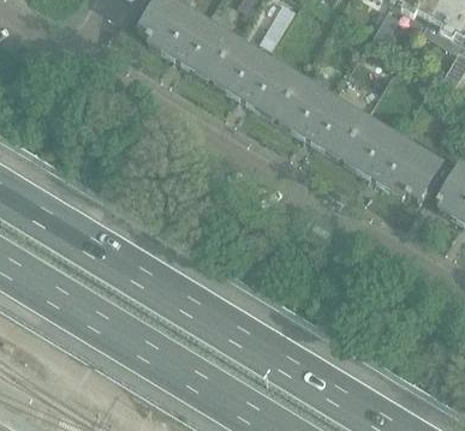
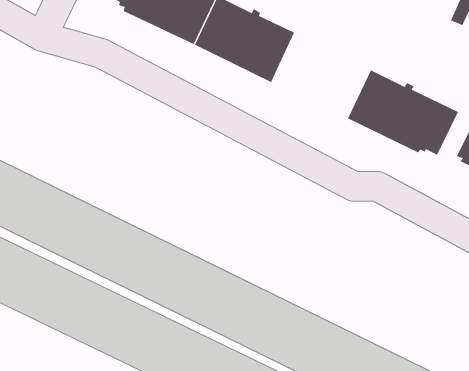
building: [275,74,365,156] -> none

